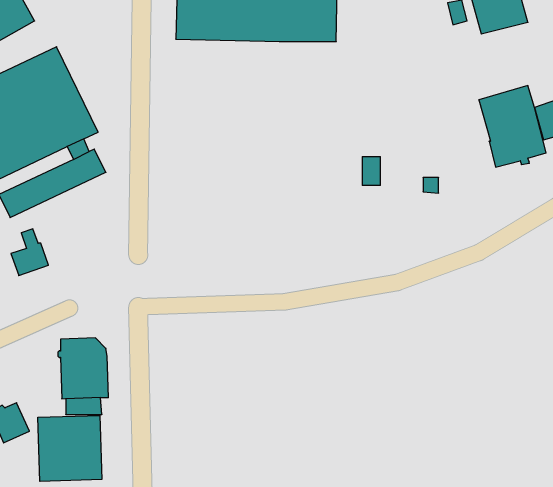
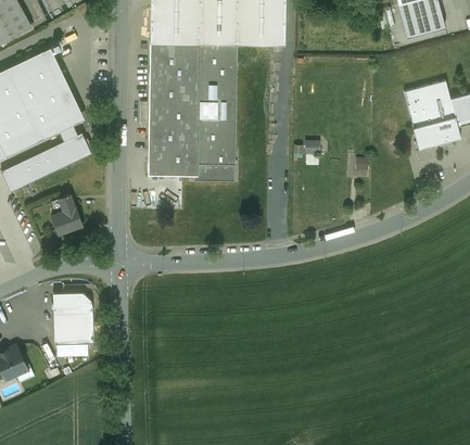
building: none -> [149,42,237,180]
building: [11,229,48,276] -> [51,196,82,236]
building: [38,415,102,481] -> none

